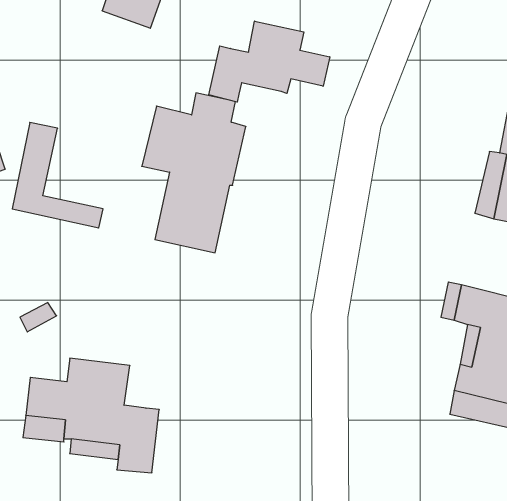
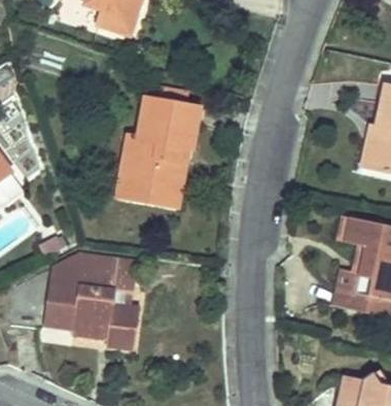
building: [209,21,330,102] -> none
building: [12,122,103,228] -> [113,134,177,208]
building: none -> [47,248,135,304]

